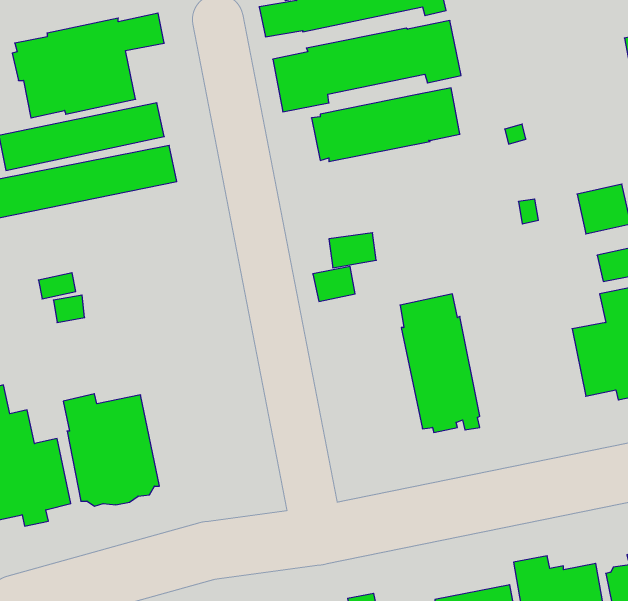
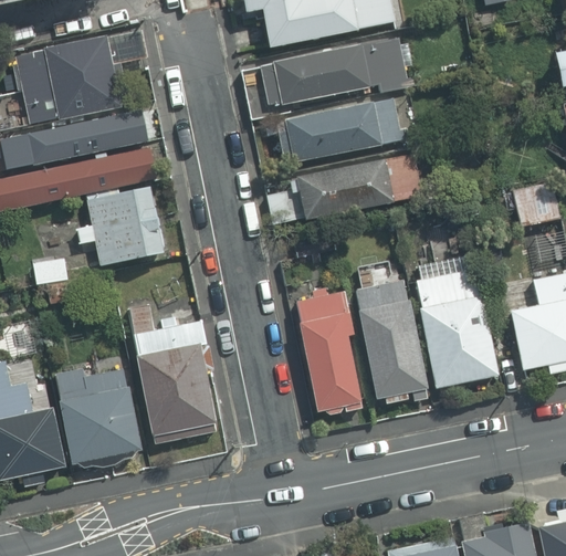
building: none -> [270,153,421,221]
building: none -> [85,186,165,264]
building: none -> [417,267,499,387]
building: none -> [297,287,363,413]
building: none -> [130,304,217,441]

